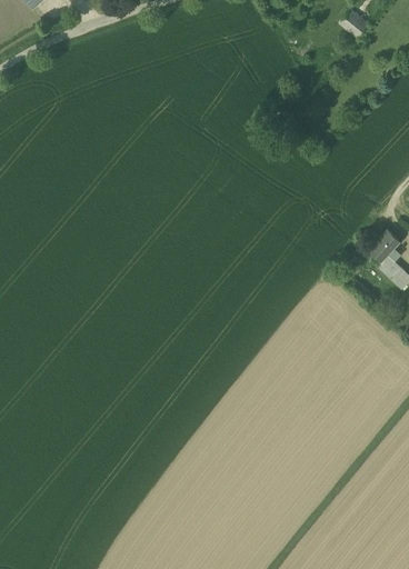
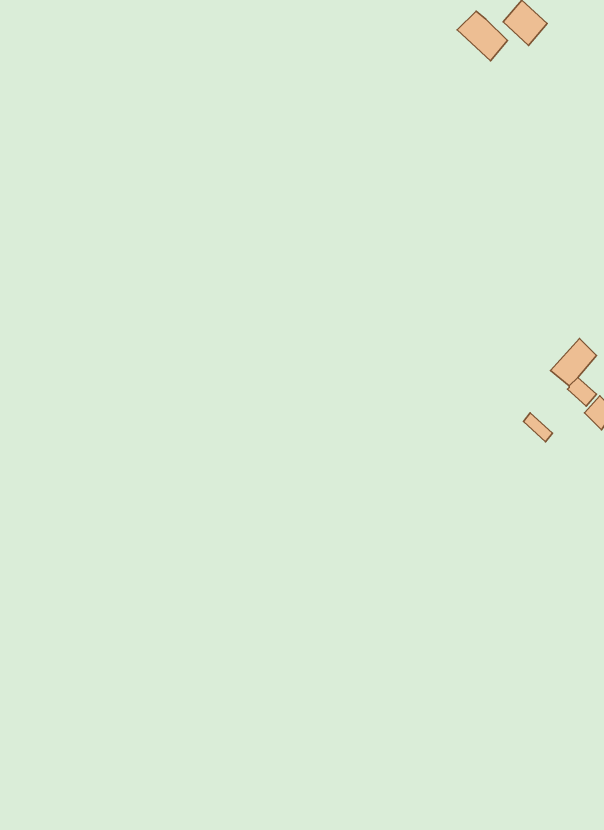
building: none -> [457,11,508,61]

